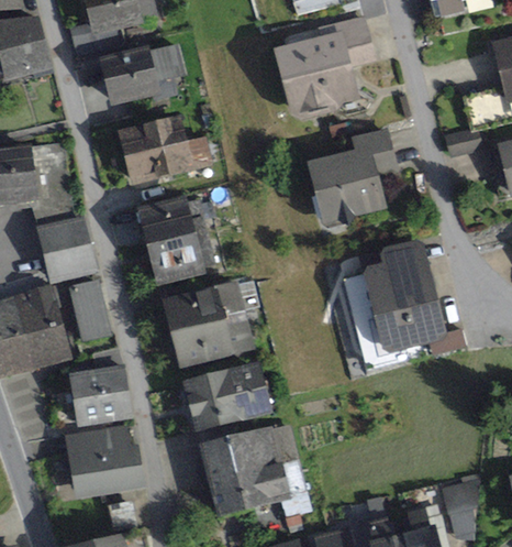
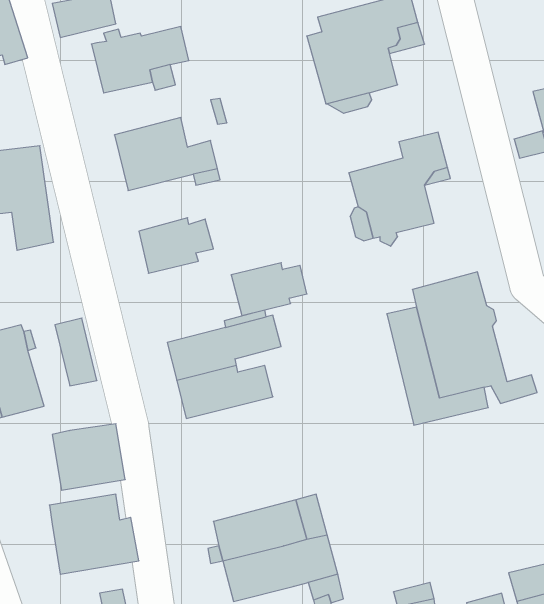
building: [40,219,93,278] -> none
building: [149,237,211,280] -> [231,263,307,316]
building: [186,368,265,427] -> none

